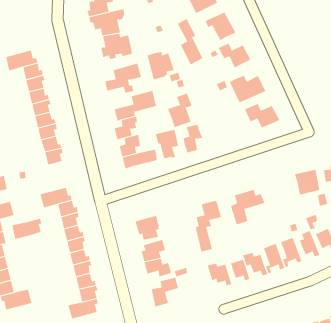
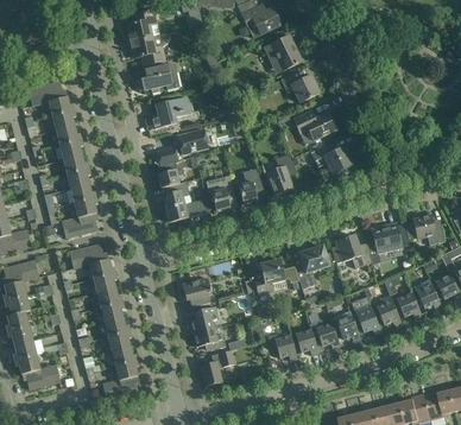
building: [177,18,203,65] -> none
building: [147,51,175,80] -> none
building: [167,93,192,128] -> [265,153,295,195]
building: none -> [330,234,372,267]
building: [11,218,42,239] -> [62,213,99,237]

